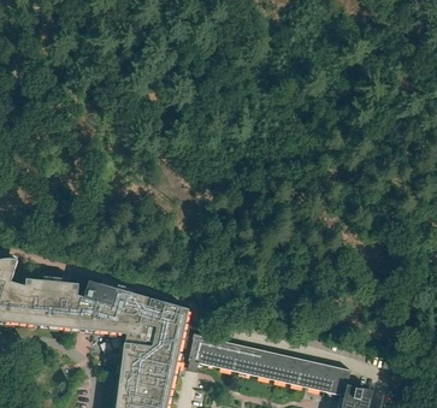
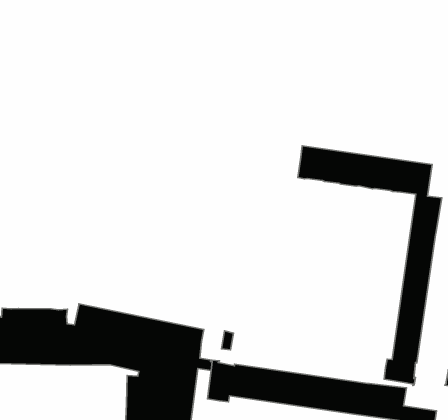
building: none -> [298,146,442,386]

